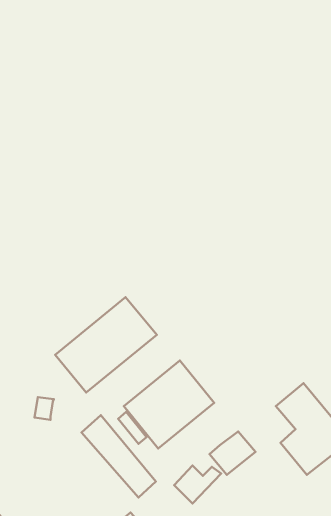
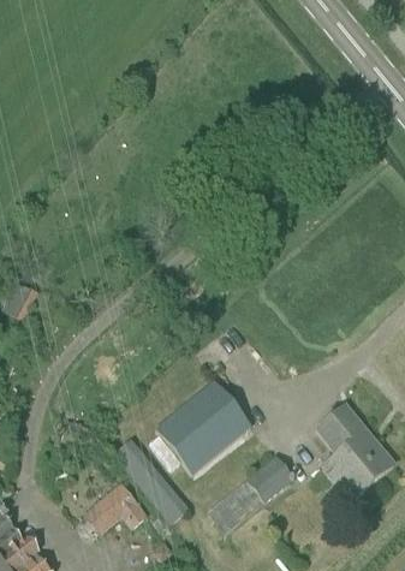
building: [55,297,157,393] -> none
building: none -> [94,483,149,529]

